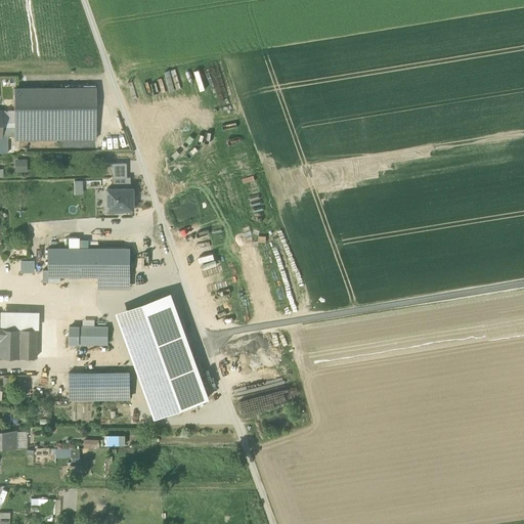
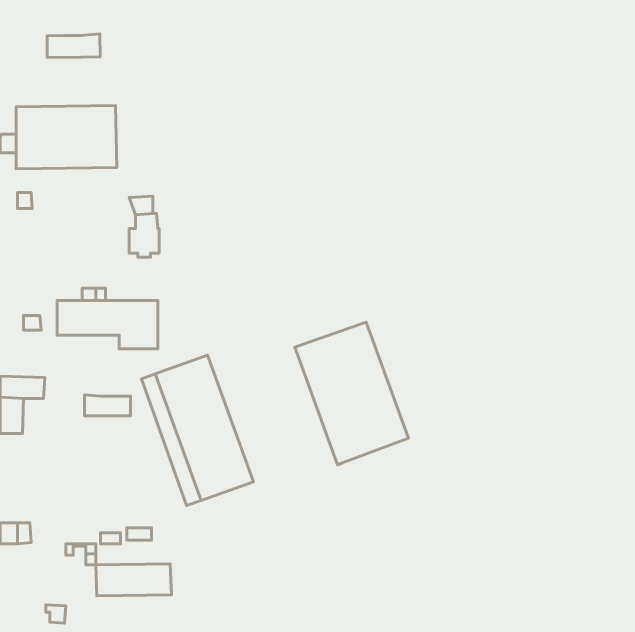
building: none -> [47,34,100,57]
building: none -> [295,322,408,465]
building: [18,331,36,360] -> none
building: [68,374,130,400] -> [96,564,171,596]

